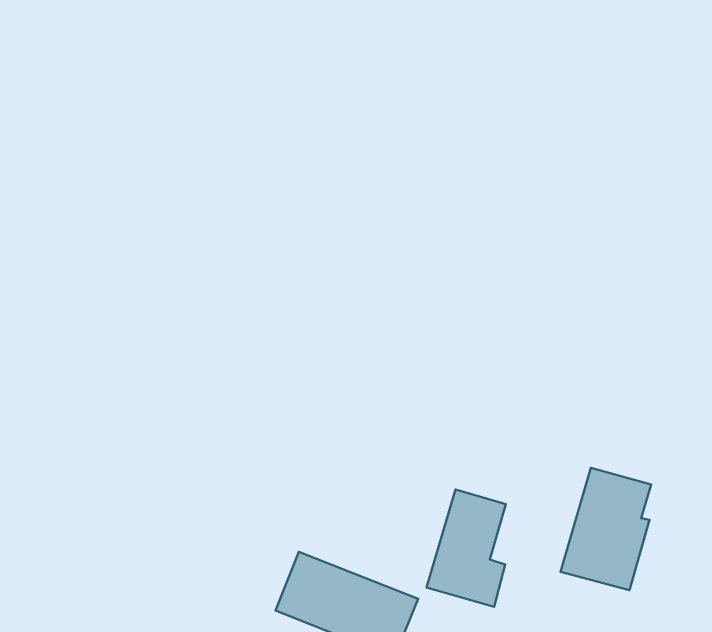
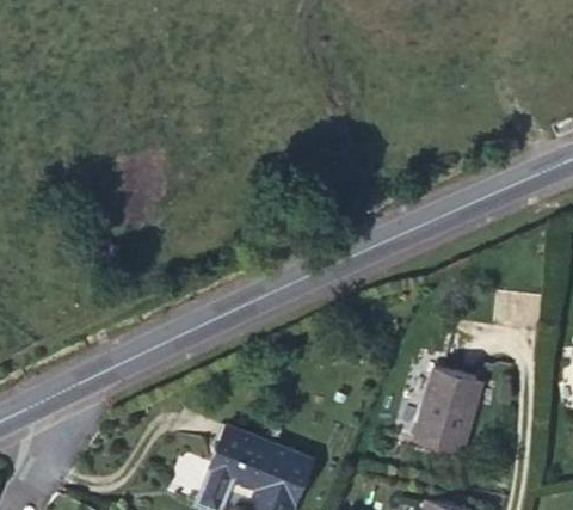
building: [427,490,506,607] -> none

